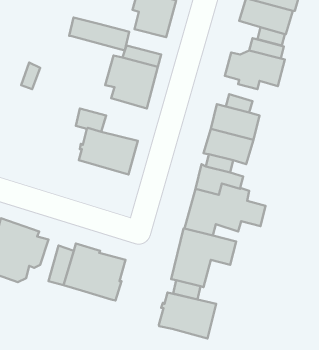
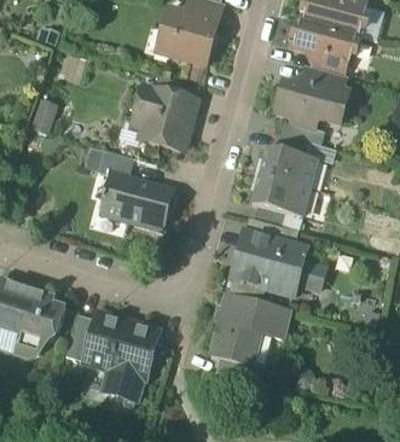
building: [69,17,129,50] -> none
building: none -> [103,368,140,399]
building: [159,292,216,339] -> none

